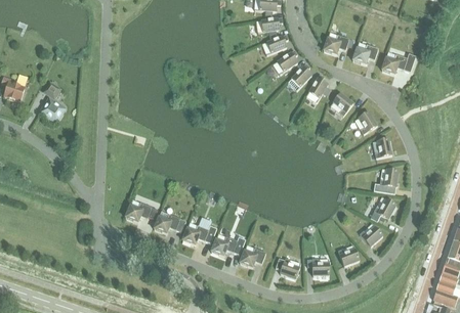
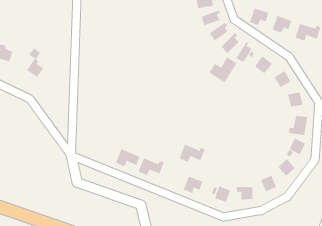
building: none -> [209,57,237,83]
building: [125,199,158,223] -> none
building: [211,233,245,257] -> [179,144,206,162]

